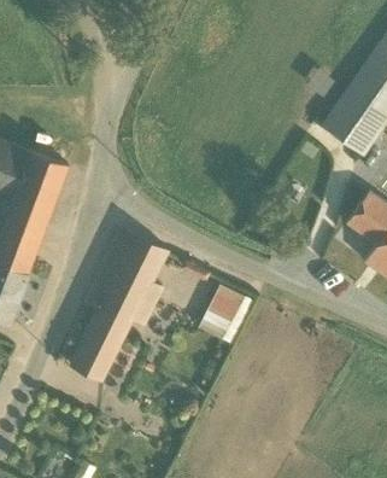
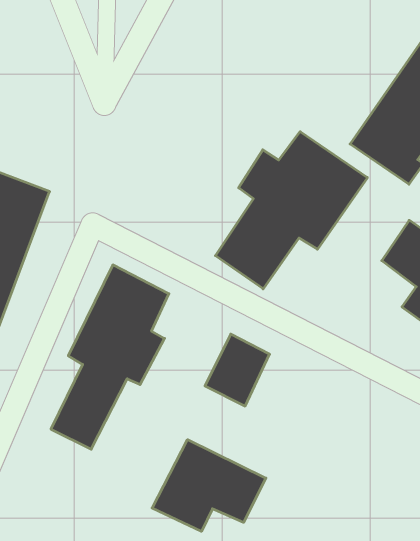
building: none -> [215,132,367,289]
building: none -> [152,440,266,531]

